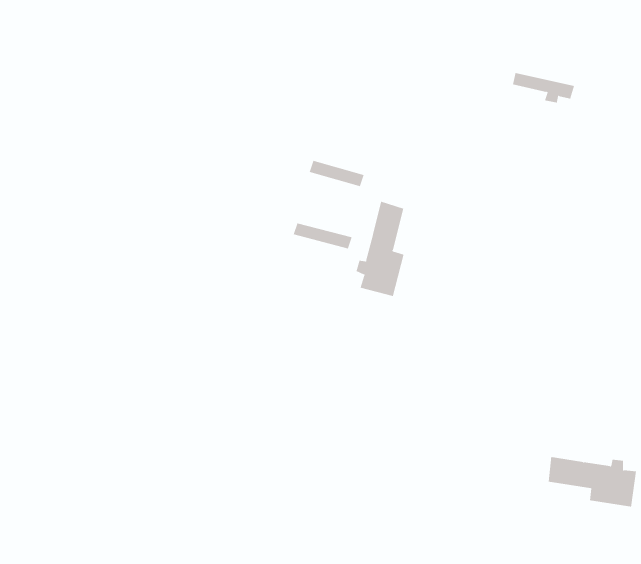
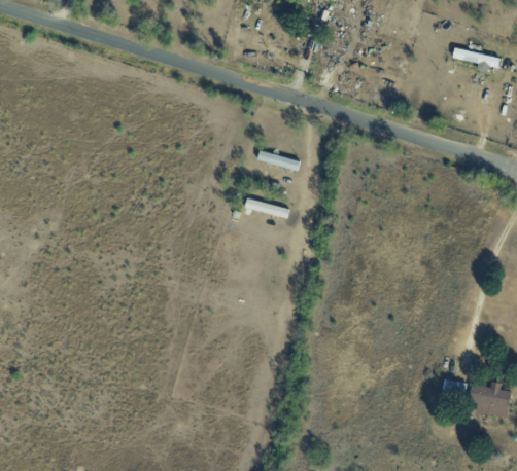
building: [512,73,575,103] -> [452,47,501,71]
building: [356,201,404,297] -> none

